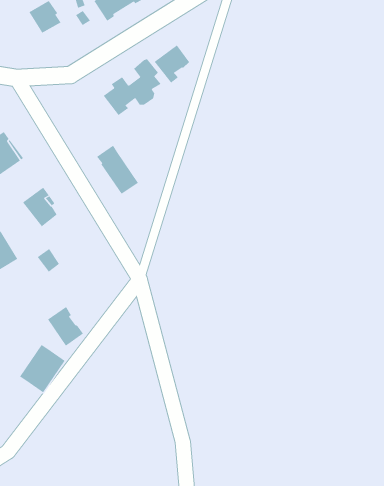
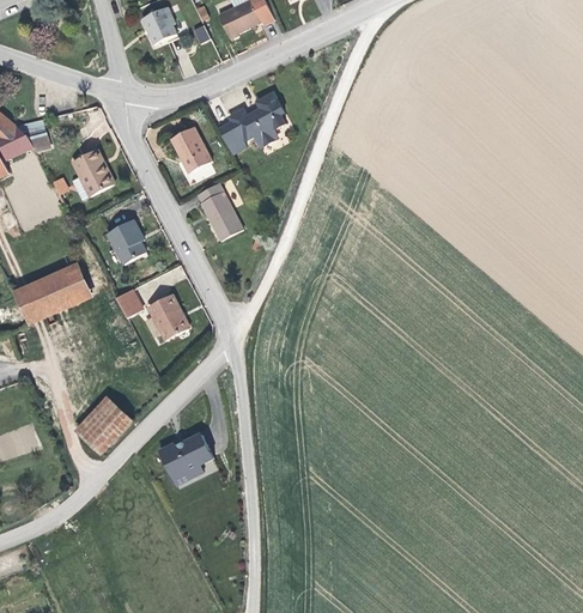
building: [154,44,190,83] -> none
building: none -> [170,126,211,172]
building: [47,306,84,346] -> [148,295,188,340]
building: none -> [159,436,212,480]

